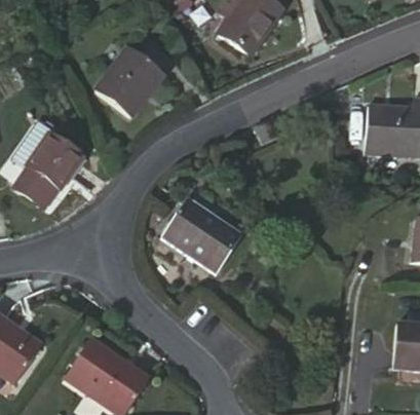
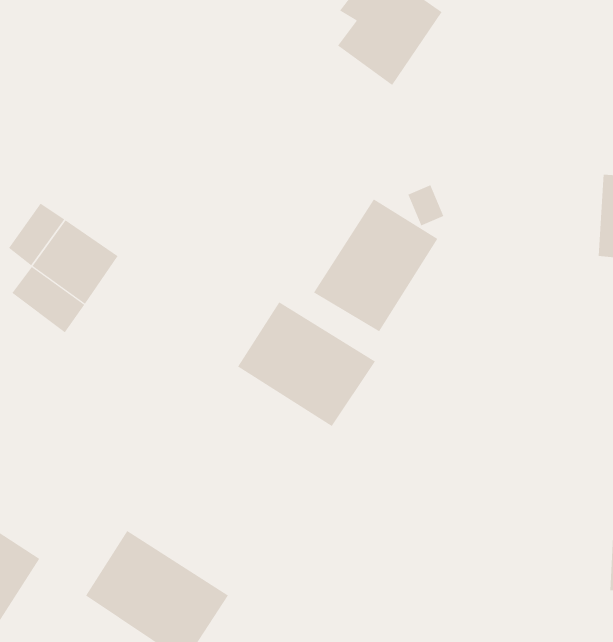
building: [98,50,166,117] -> none
building: none -> [313,198,438,332]

